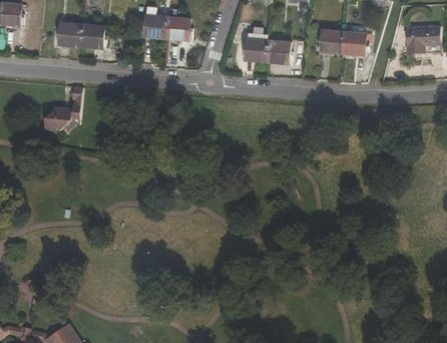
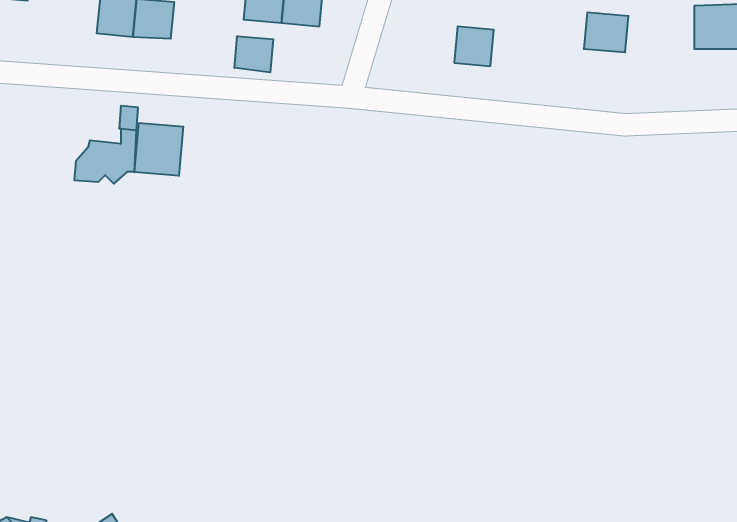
building: [321,30,343,53] -> none
building: [244,38,268,61] -> none
building: none -> [234,36,273,72]
building: none -> [135,123,183,176]

